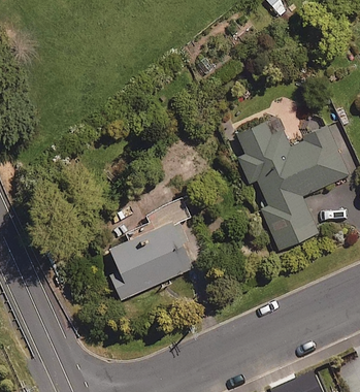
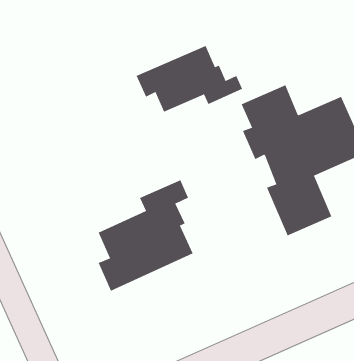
building: none -> [136,45,243,112]

